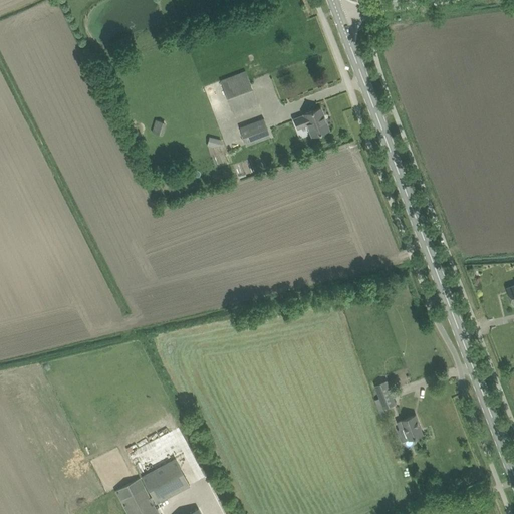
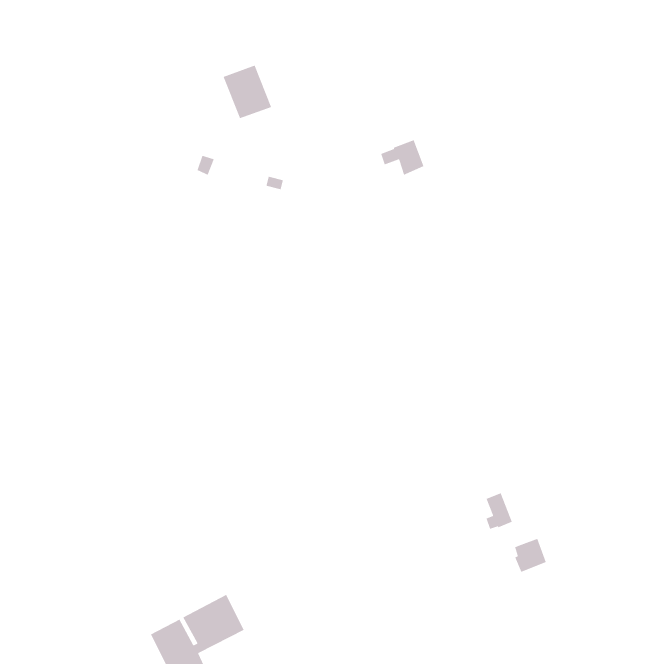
building: [219,72,257,114] -> [223,65,272,119]
building: [239,118,269,146] -> none

